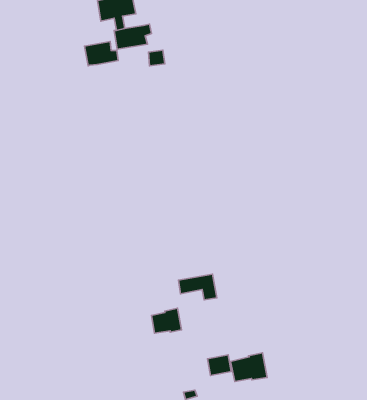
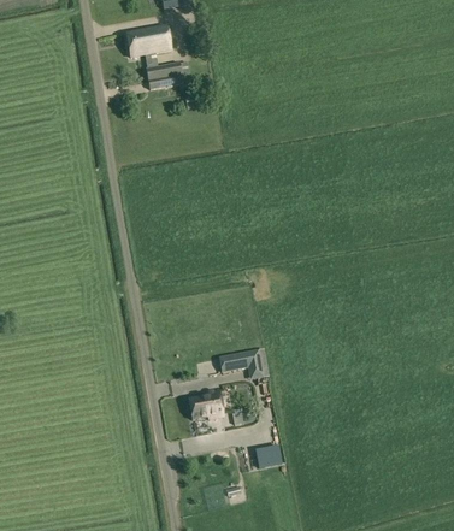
building: [85,42,118,66] -> none
building: [231,353,267,381] -> none

